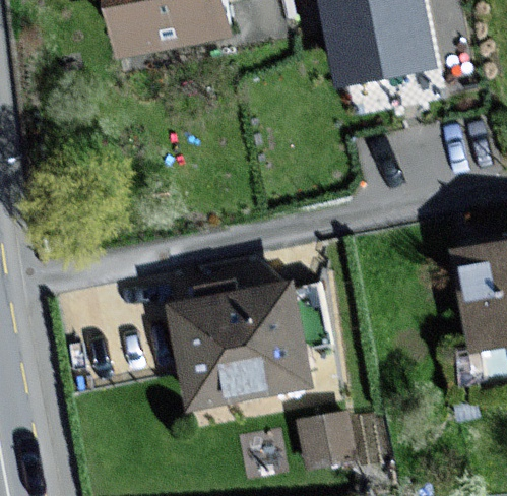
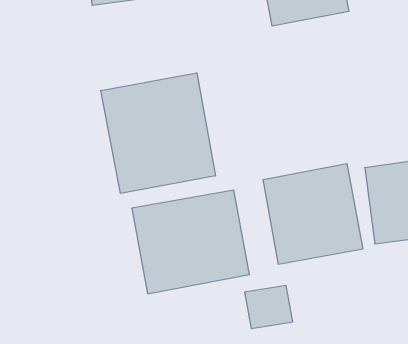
building: none -> [101,73,215,193]
building: none -> [263,164,363,264]

